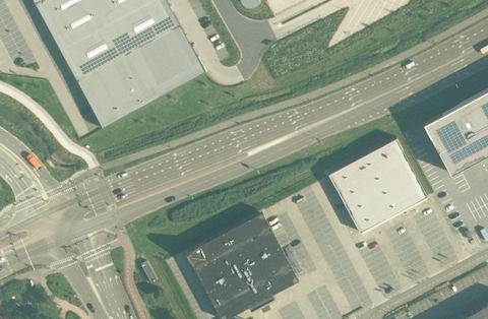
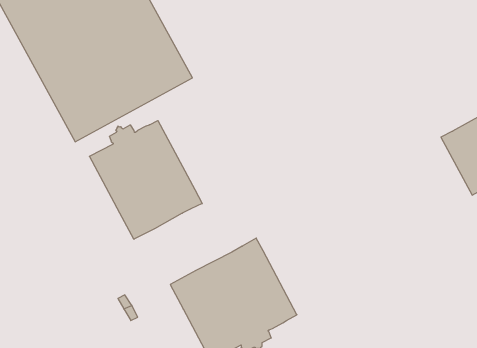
building: none -> [89,121,202,239]
building: [327,136,426,231] -> none

